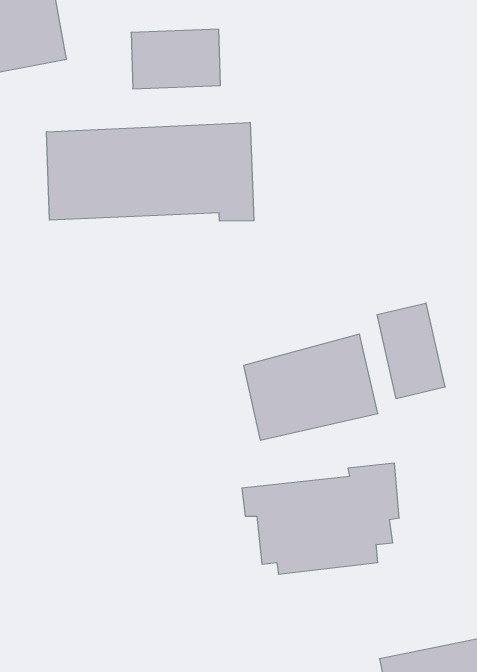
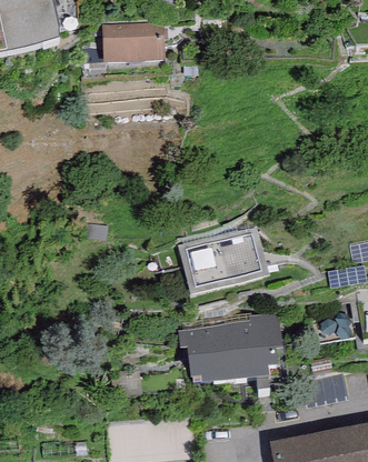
building: [46,122,254,221] -> none
building: [377,303,445,399] -> none

